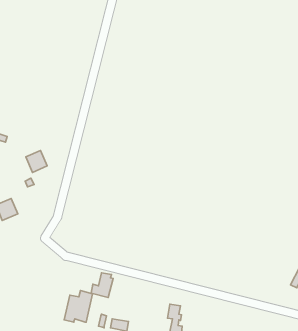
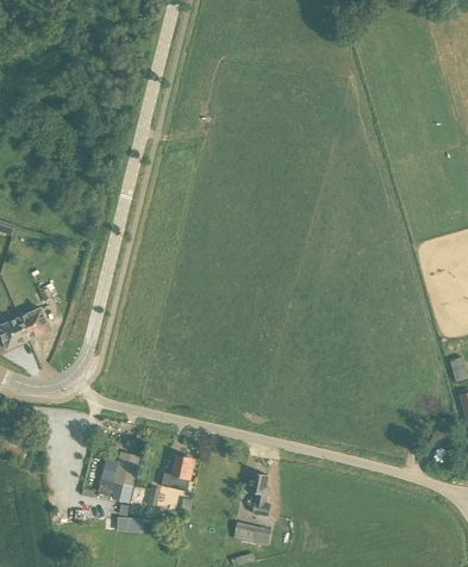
building: [26,150,47,172] -> [19,306,50,338]
building: [91,273,113,297] -> [161,454,193,490]

